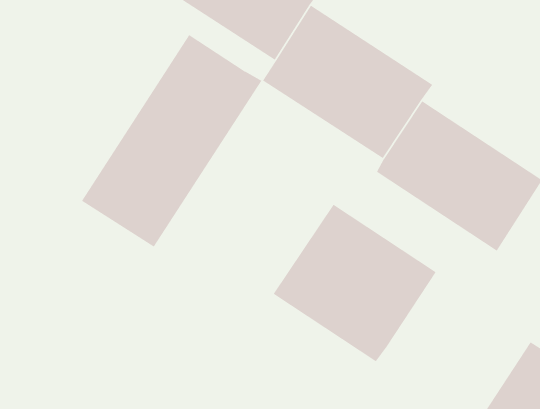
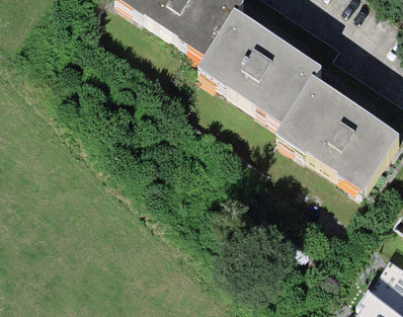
building: [81,34,262,248] -> none
building: [273,204,437,362] -> none

